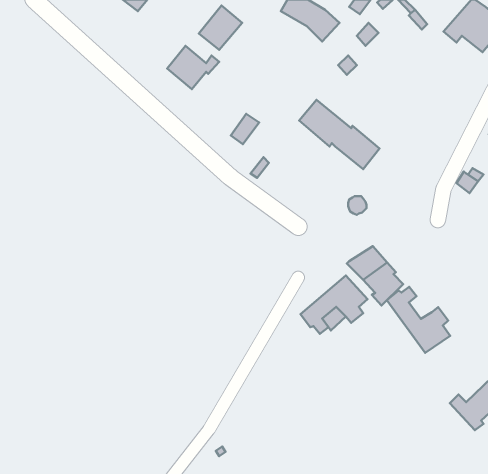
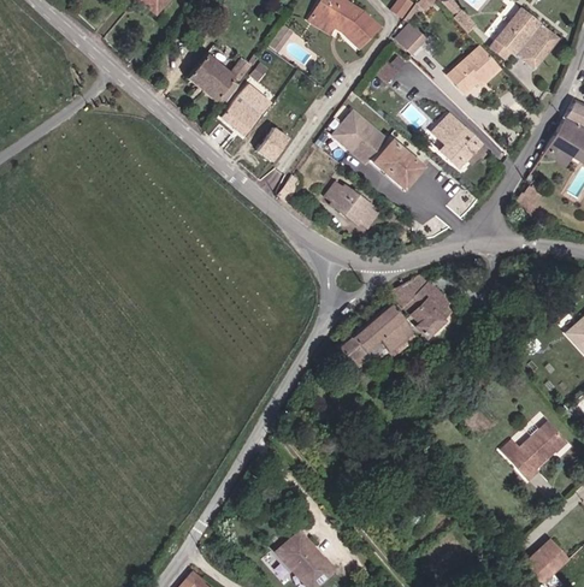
building: [199,5,242,50] -> [222,85,270,135]
building: none -> [450,46,502,94]
building: none -> [432,115,479,161]
building: none -> [324,180,376,225]
building: [387,287,450,353] -> none

